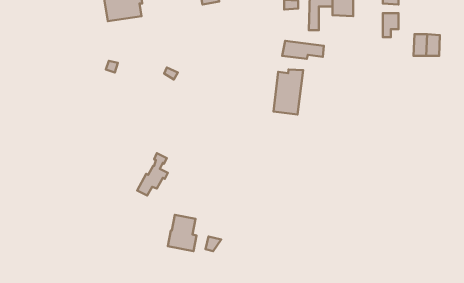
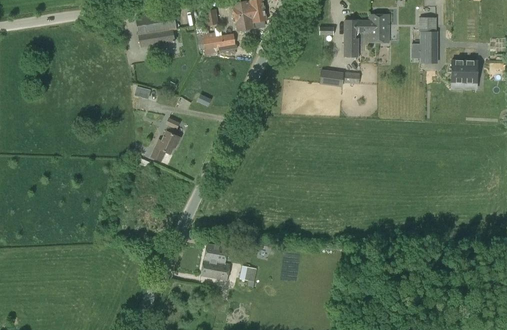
building: none -> [196,33,235,55]
building: [273,70,303,115] -> none
building: [137,153,168,196] -> [151,119,182,162]

